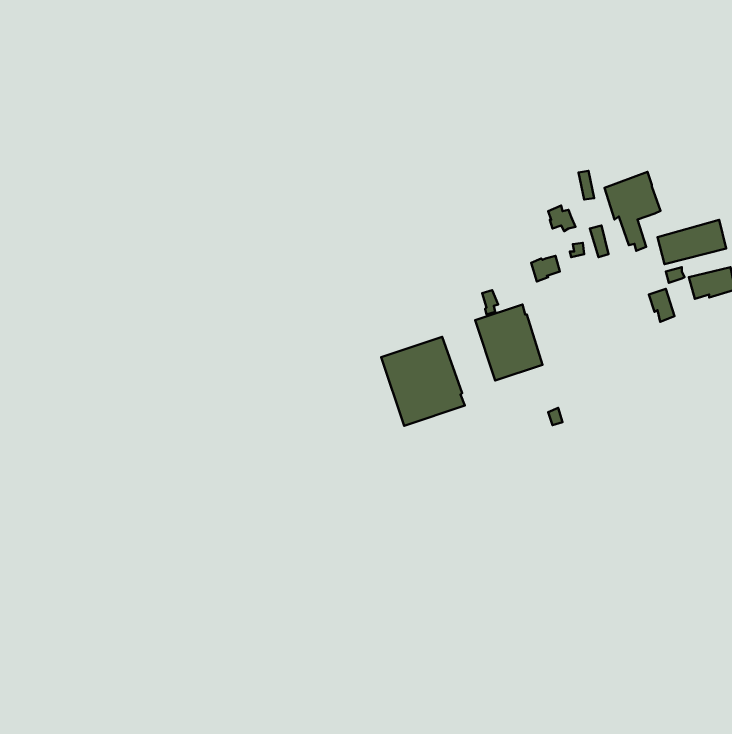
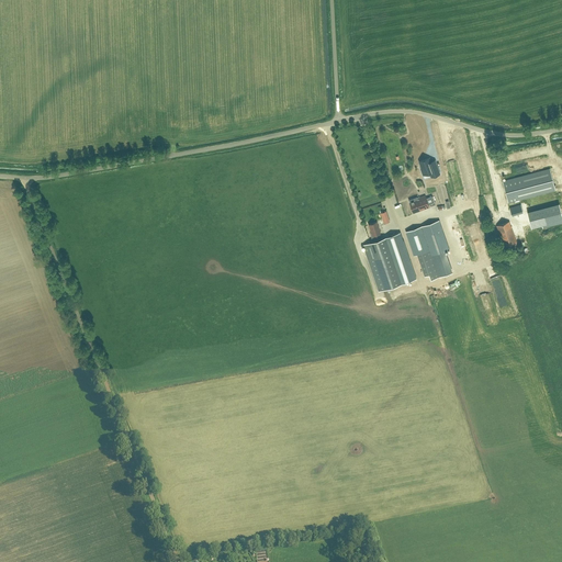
building: [604,172,660,251] -> [407,220,450,280]
building: [381,337,465,426] -> none

